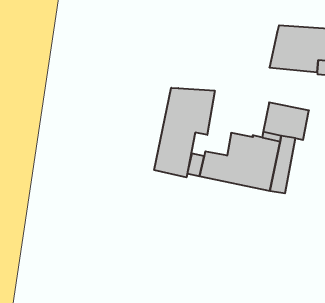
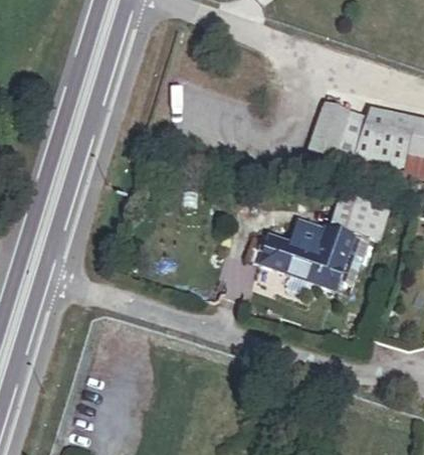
building: none -> [307,100,366,162]
building: [154,88,215,177] -> none

